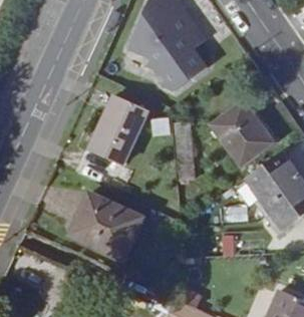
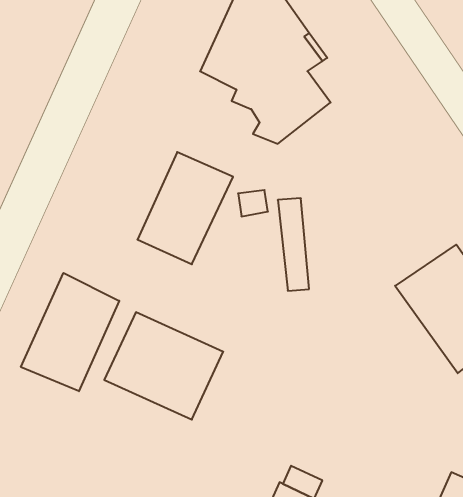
building: [212,102,273,164] -> none
building: none -> [21,273,119,391]

